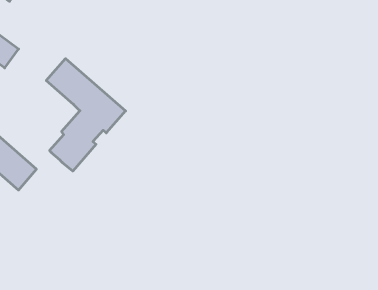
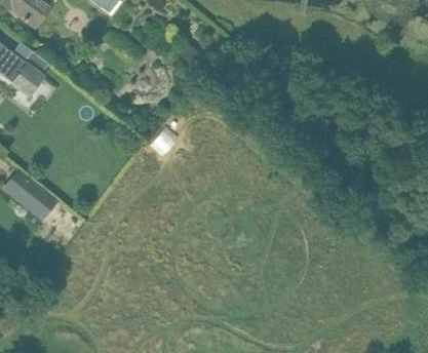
building: [46,59,126,171] -> none

